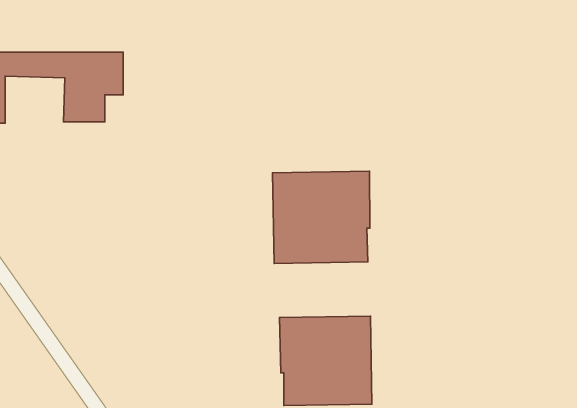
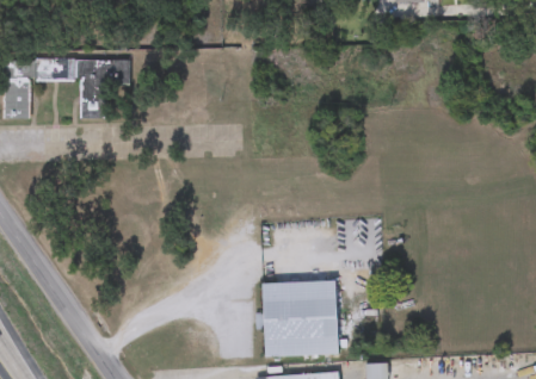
building: [273,171,370,263] -> none

